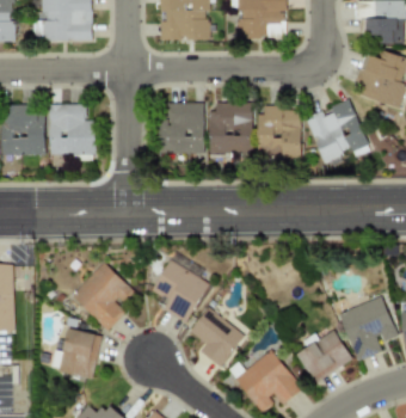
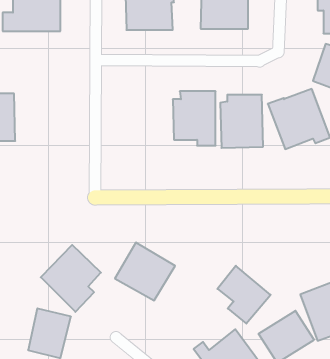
building: [159,103,204,153] -> none
building: [49,104,96,154] -> none
building: [190,307,245,367] -> [217,266,271,324]

